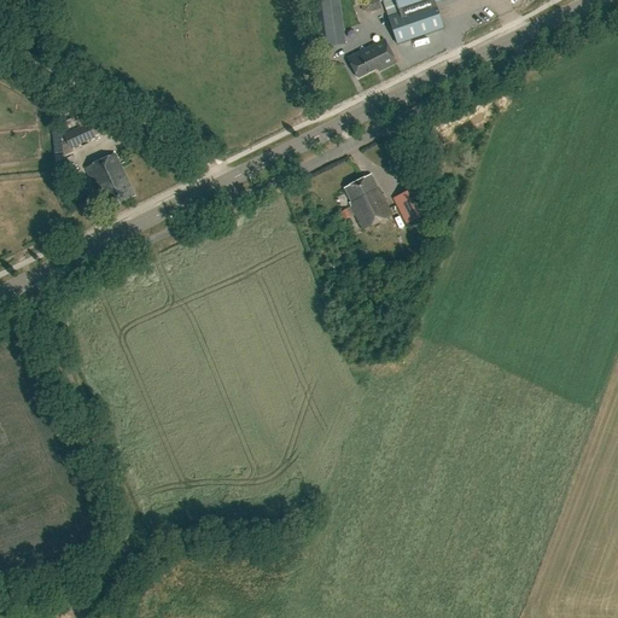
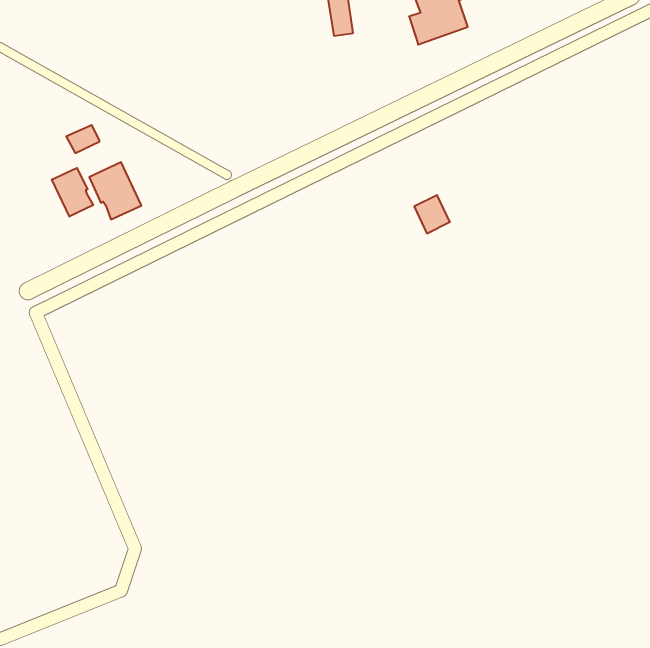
building: [348,39,396,76] -> none
building: none -> [52,168,93,217]
building: [345,173,392,228] -> none

